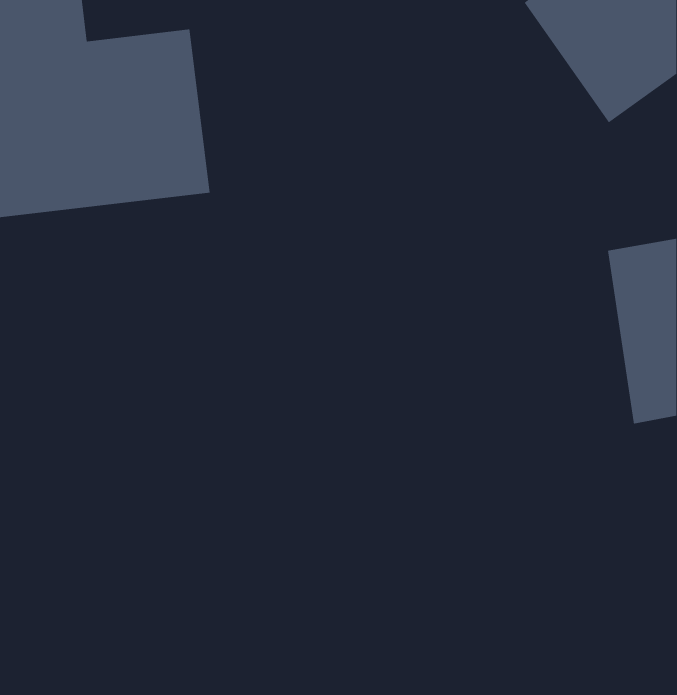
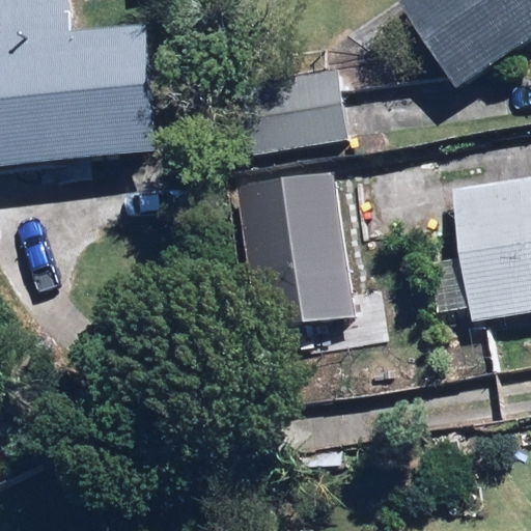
building: none -> [251,66,351,152]
building: none -> [245,177,354,329]

